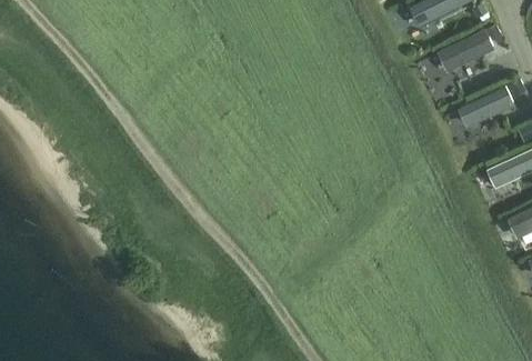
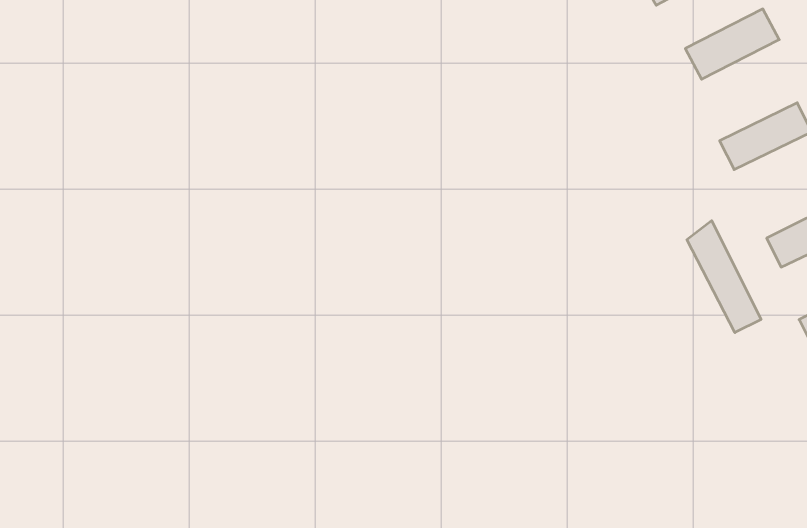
building: none -> [687,221,761,333]

